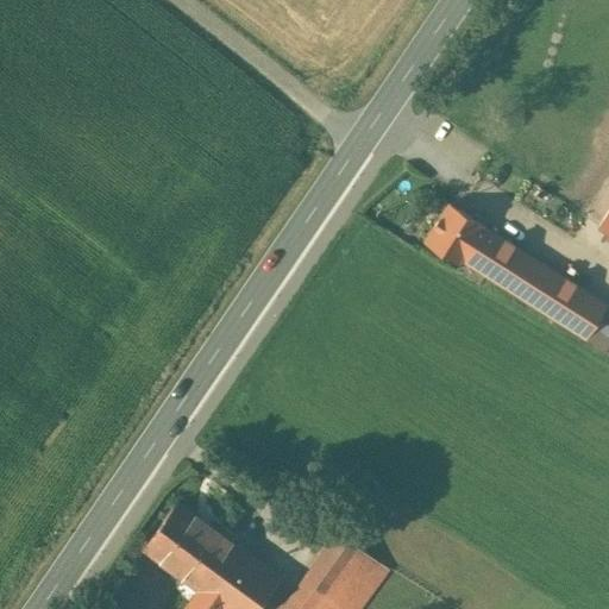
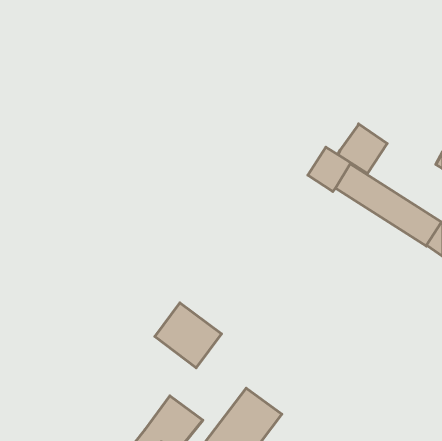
building: none -> [338,124,387,174]
building: [143,503,234,592] -> [155,303,221,368]

